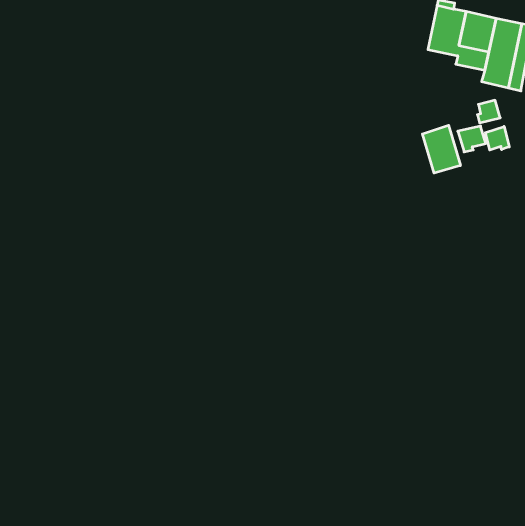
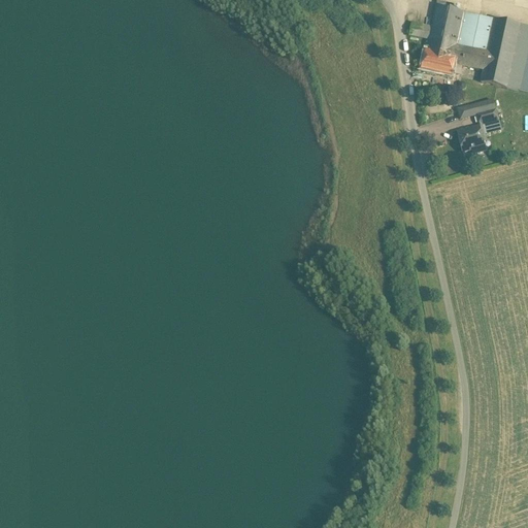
building: none -> [424,50,460,75]
building: [422,125,460,173] -> none
building: [485,126,509,150] -> none

